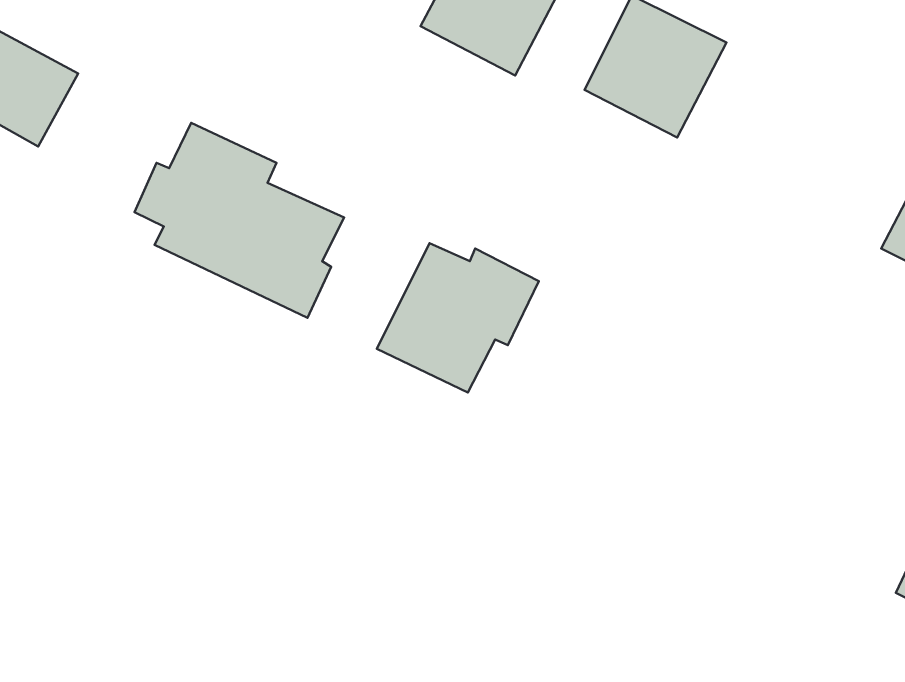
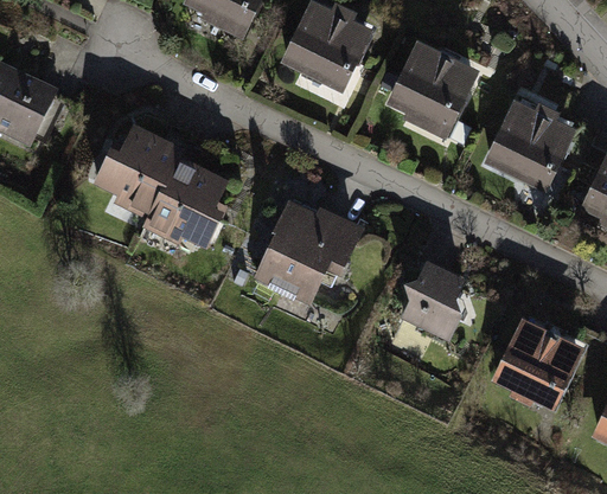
building: none -> [486,100,580,192]
building: none -> [401,259,466,338]
building: none -> [492,317,582,404]

